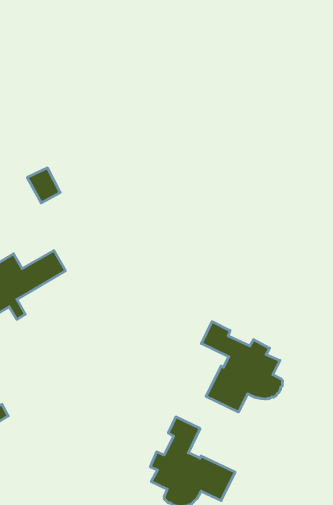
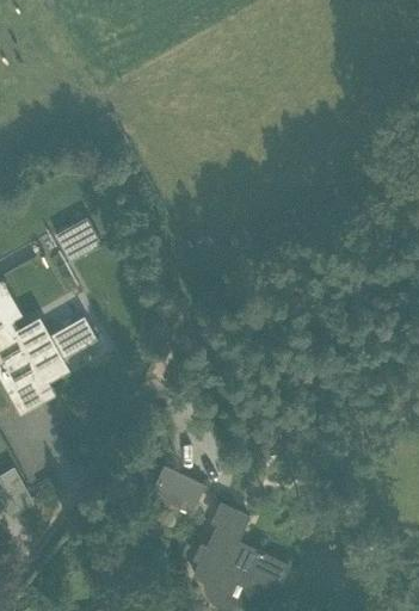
building: [201,322,282,412] -> none
building: none -> [152,468,203,513]

